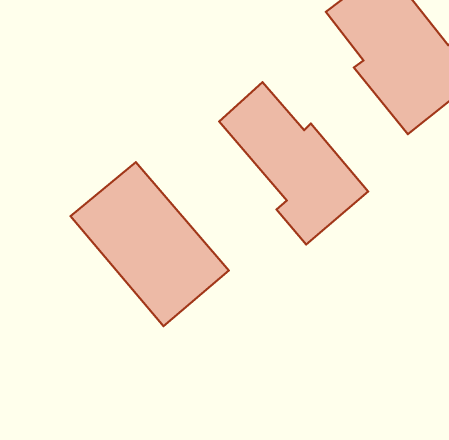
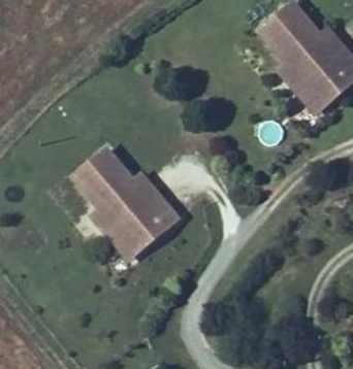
building: [219,82,368,245] -> none

